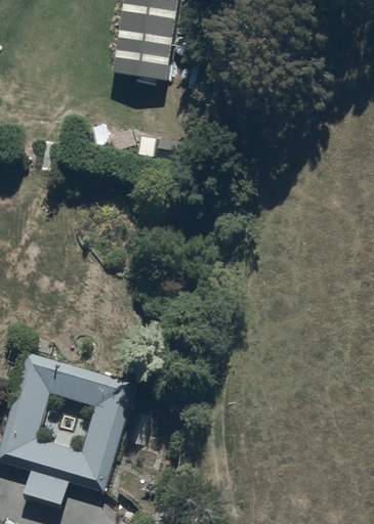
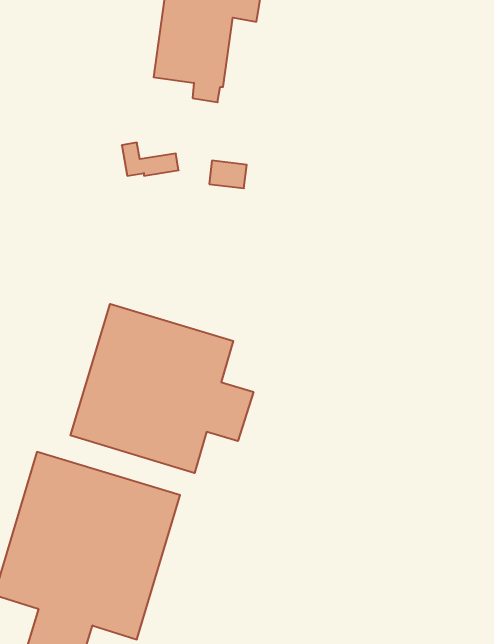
building: none -> [70,304,253,473]

